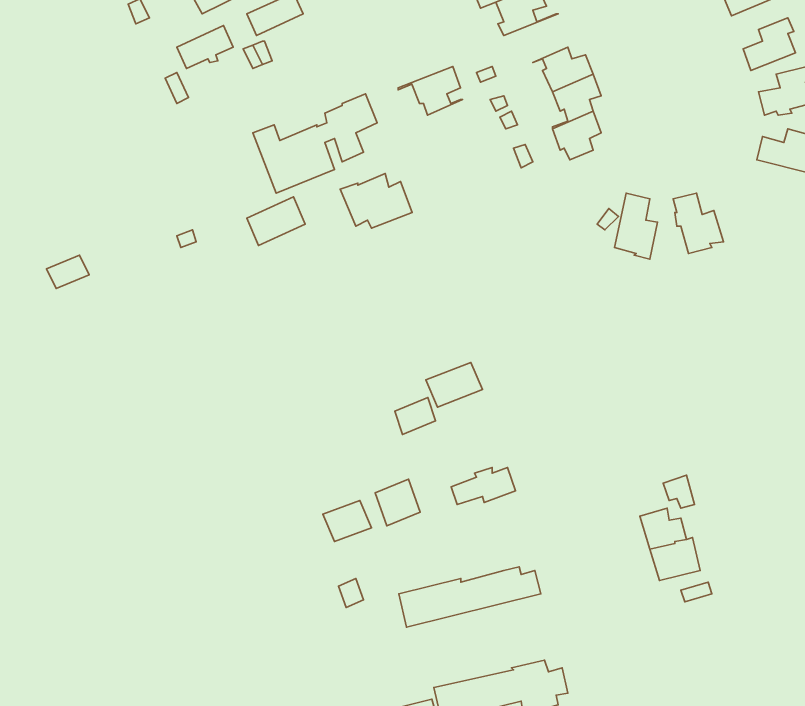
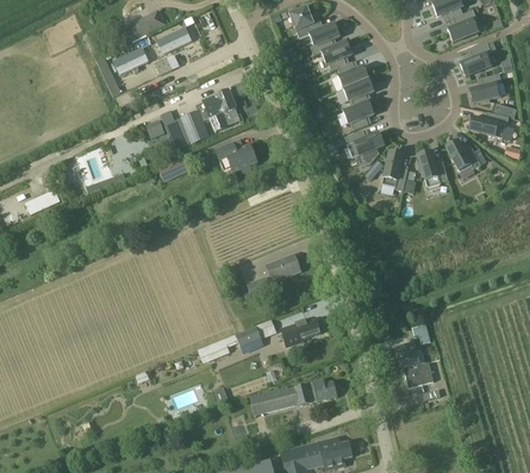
building: [398,66,462,115] -> [314,41,354,70]
building: none -> [345,129,385,157]
building: none -> [447,139,482,172]

